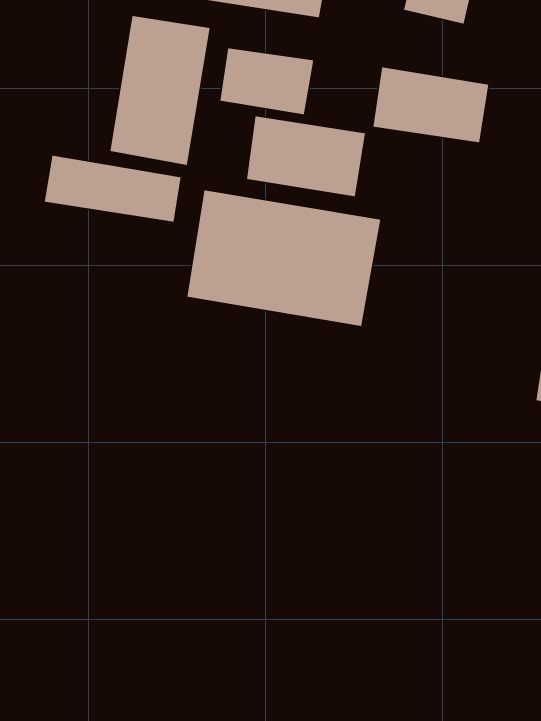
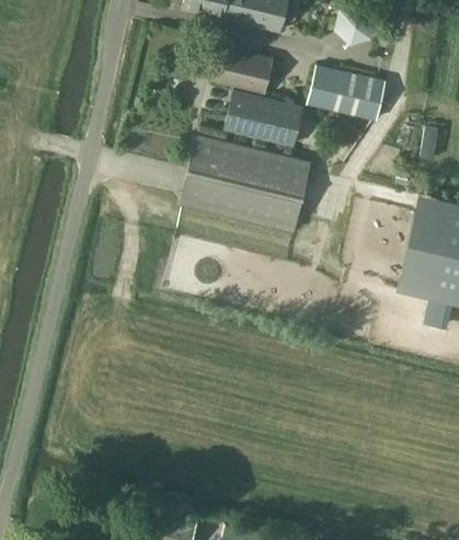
building: [109,15,211,166] -> none
building: [44,155,181,223] -> none

